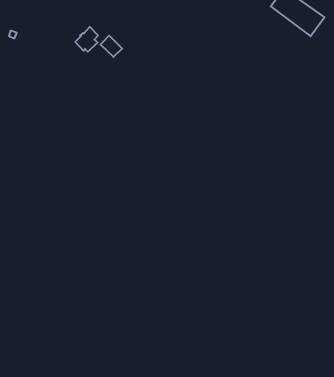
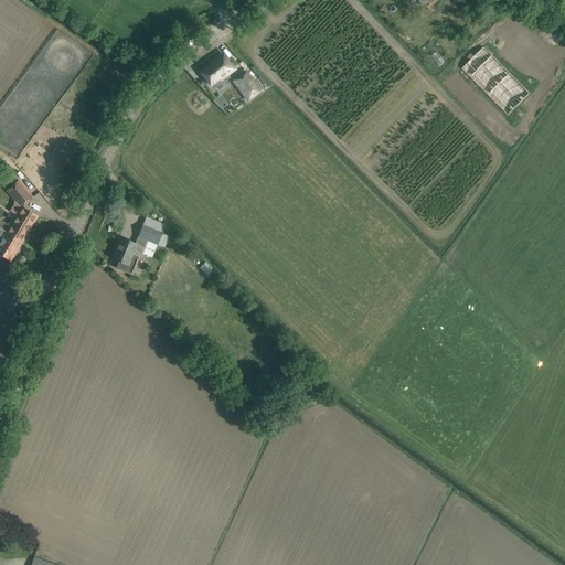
building: none -> [110,223,168,271]

